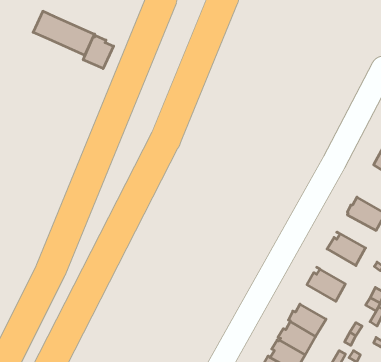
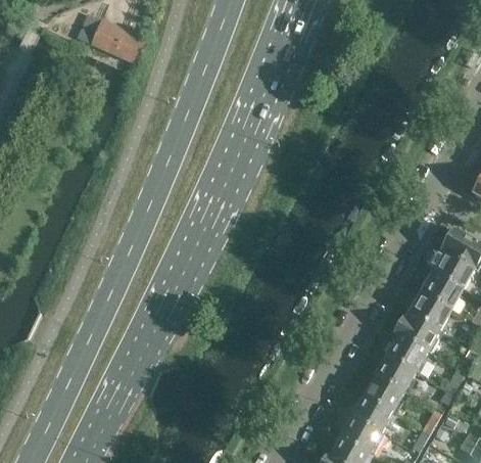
building: [83,36,114,69] -> none
building: none -> [430,250,475,289]
building: none -> [405,290,451,331]
building: none -> [384,332,428,372]

